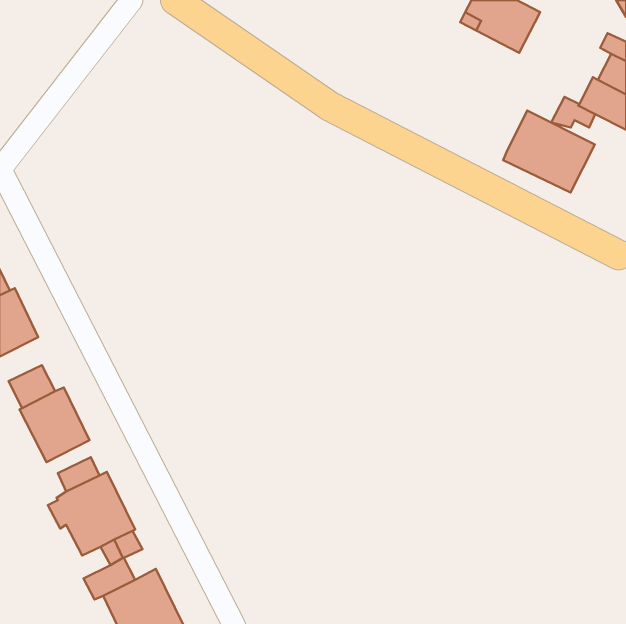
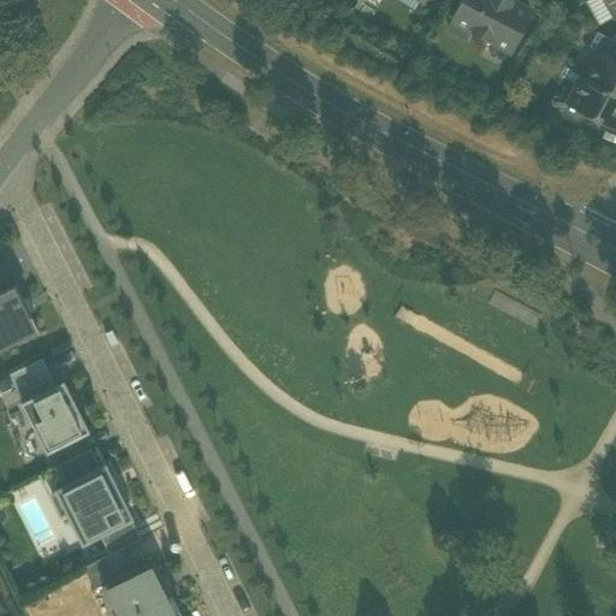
building: [503,111,595,192] -> none

